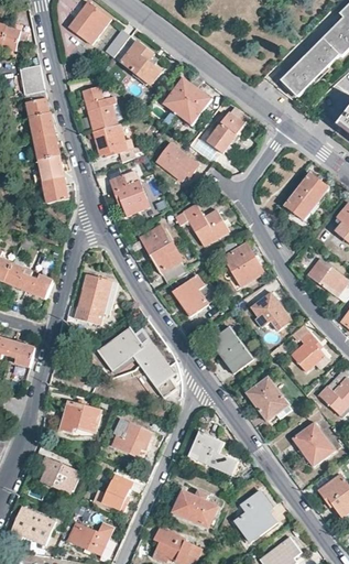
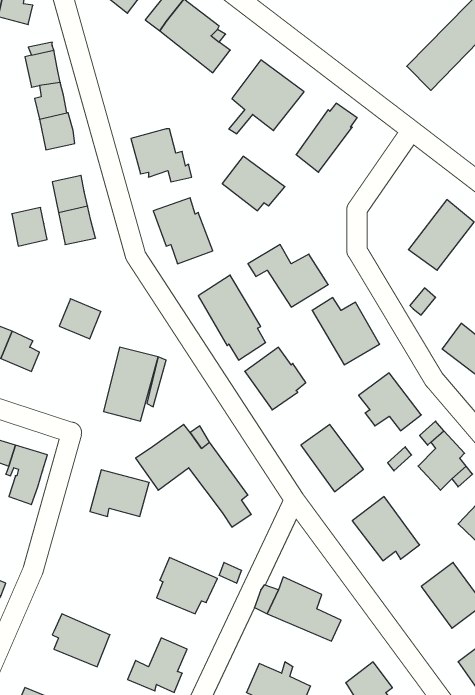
building: [81,86,117,130] -> none
building: [34,133,58,160] -> [12,208,47,246]
building: [24,271,53,299] -> [59,299,101,339]
building: [59,401,100,433] -> [90,470,149,516]

